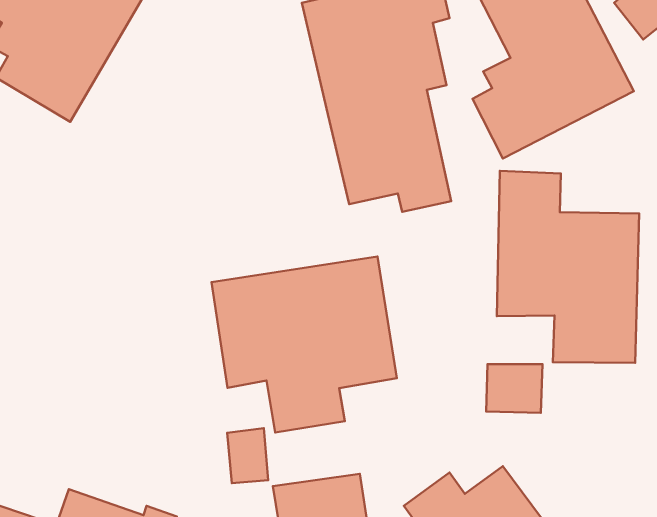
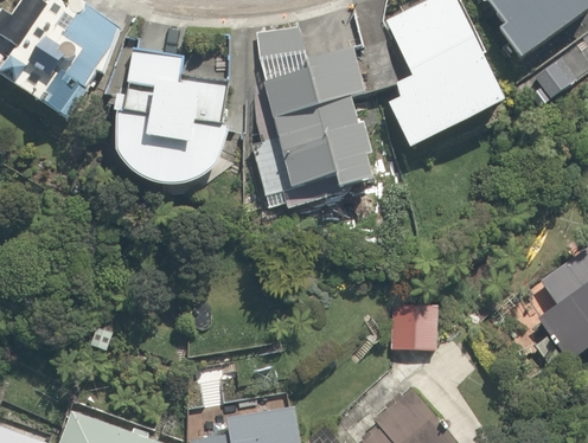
building: none -> [113,46,228,186]
building: [497,171,639,363] -> none
building: [211,256,397,433] -> none

